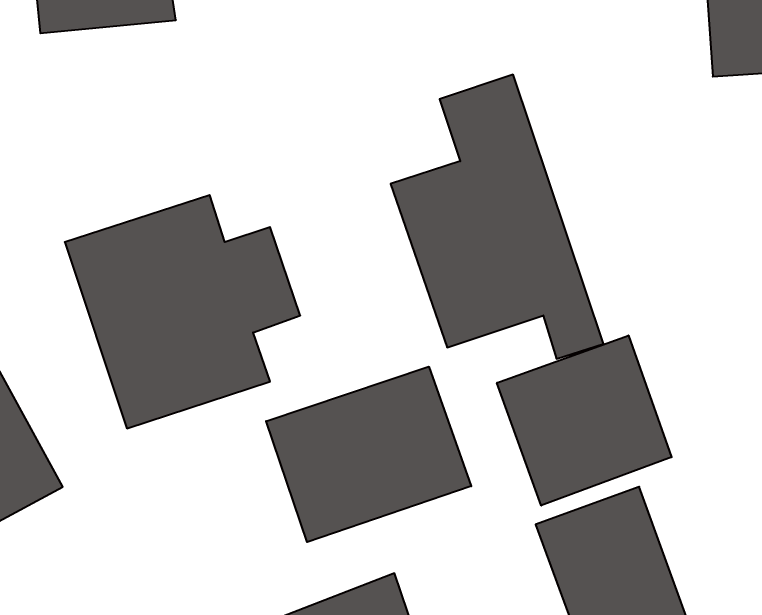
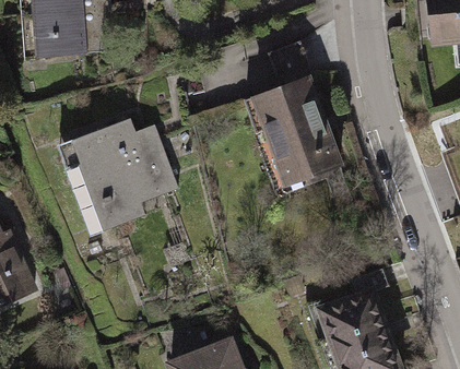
building: none -> [27,13,110,61]
building: [497,335,672,506] -> none
building: [266,367,471,542] -> none

